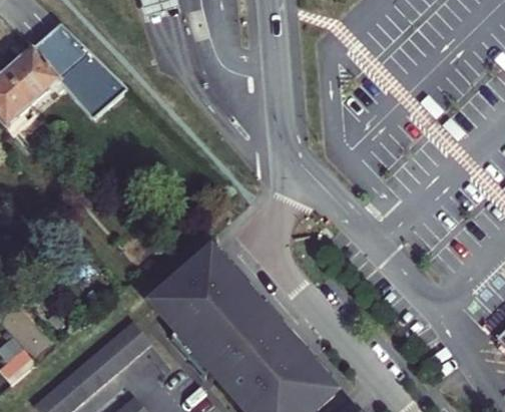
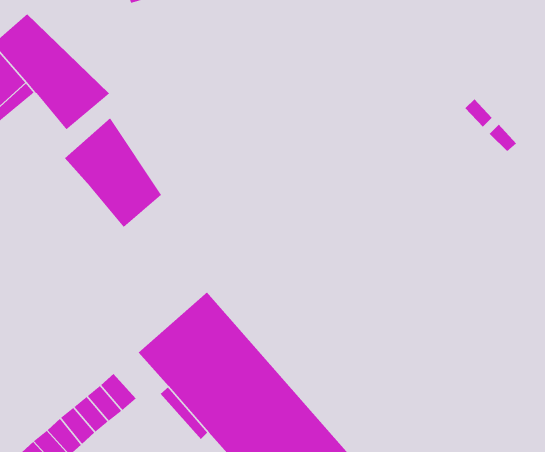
building: none -> [64,118,162,228]

